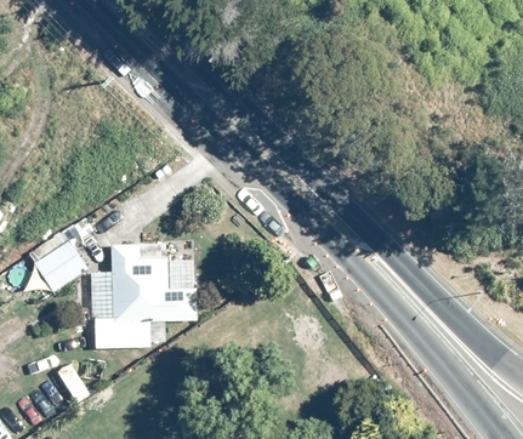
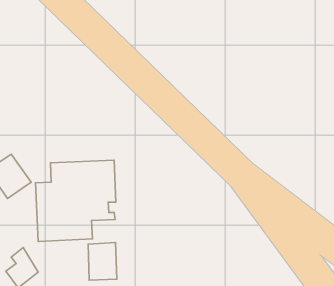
building: none -> [88,242,117,280]

